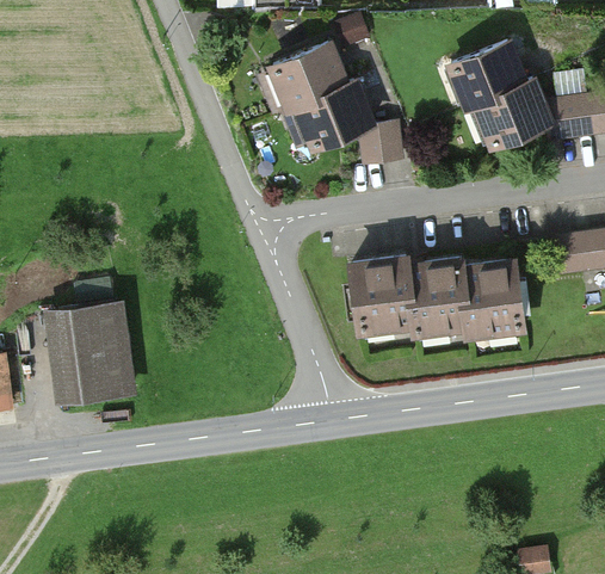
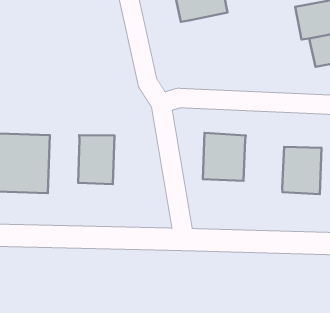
building: [295,85,402,161] -> none
building: [403,259,468,333] -> none
building: none -> [78,135,115,184]

